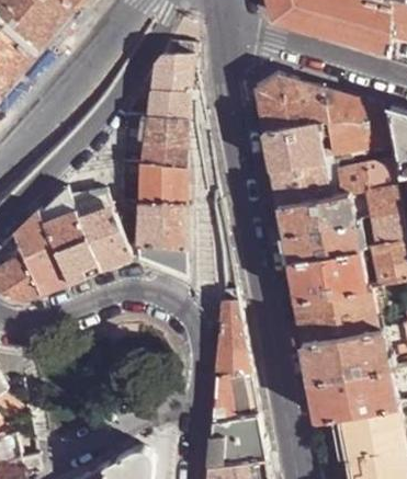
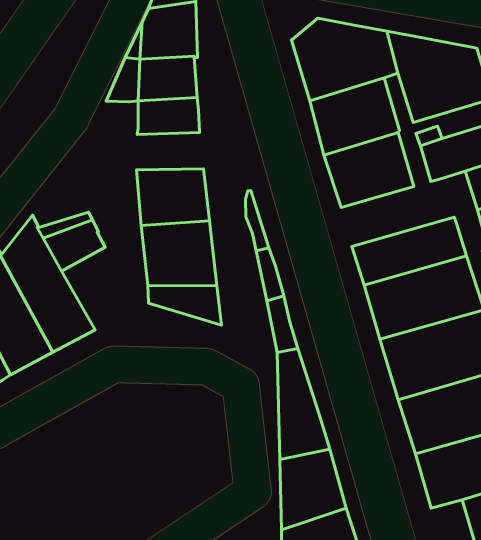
building: [140,141,186,170] -> none
building: [278,195,354,235] -> none
building: [81,216,131,272] -> none

